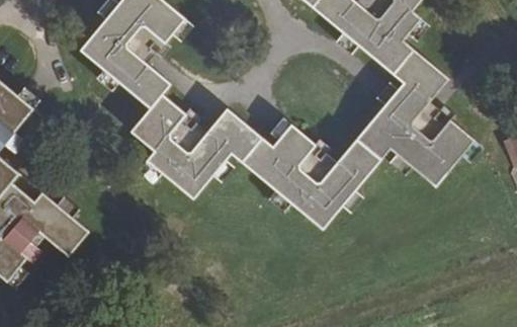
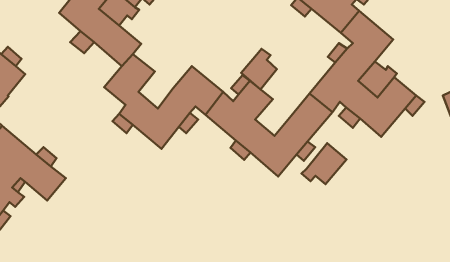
building: [168,109,206,154] -> none
building: [296,140,336,184] -> [241,49,277,89]
building: none -> [302,143,346,184]

